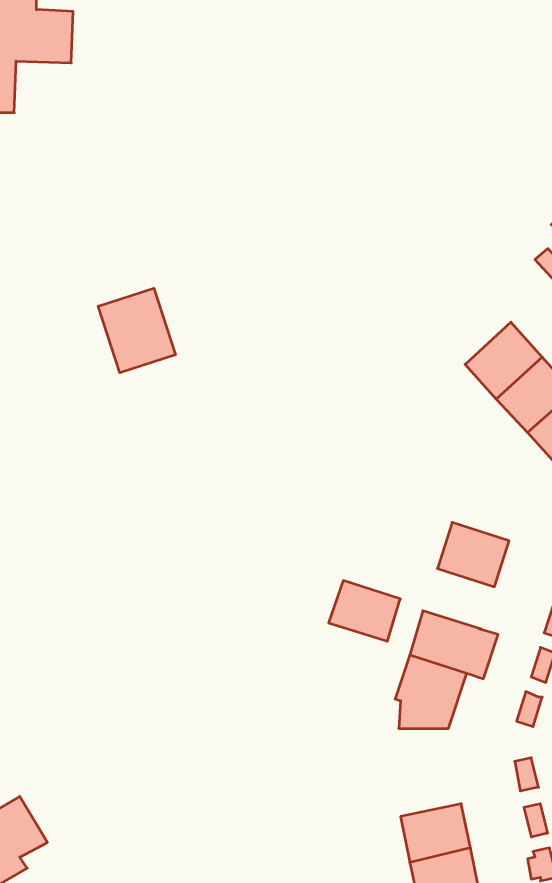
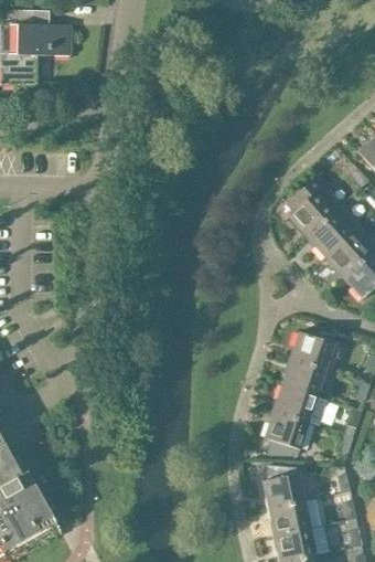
building: none -> [291,189,338,235]
building: [98,288,175,373] -> none
building: [329,581,400,641] -> [285,358,328,394]
building: none -> [265,462,308,507]

